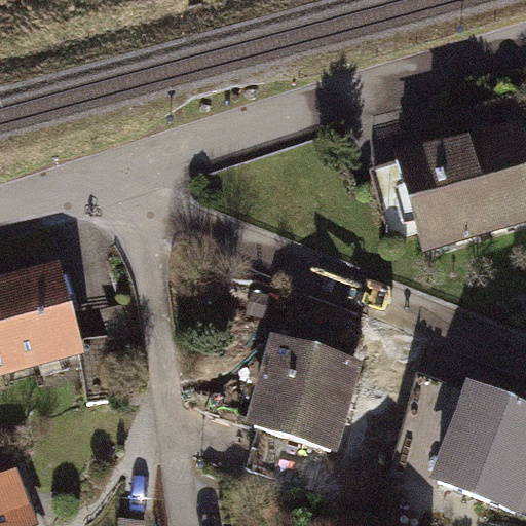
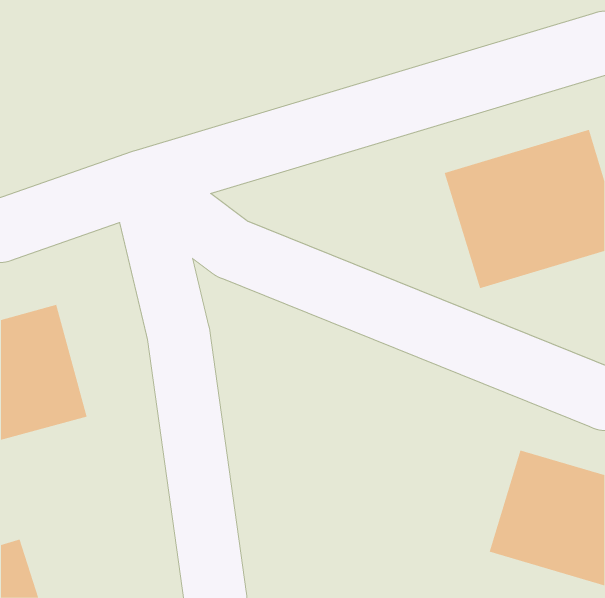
building: [258,342,371,442] -> none

